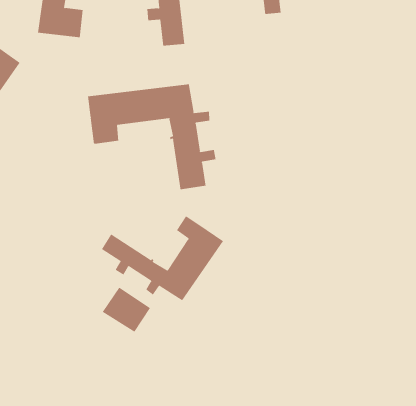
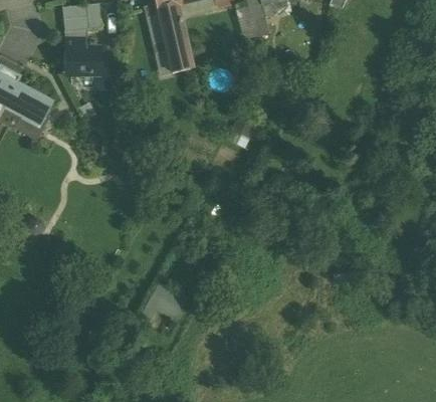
building: [87,83,216,190] -> none
building: [101,216,224,301] -> none

